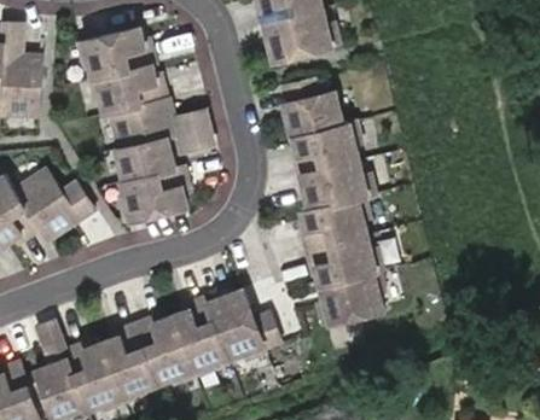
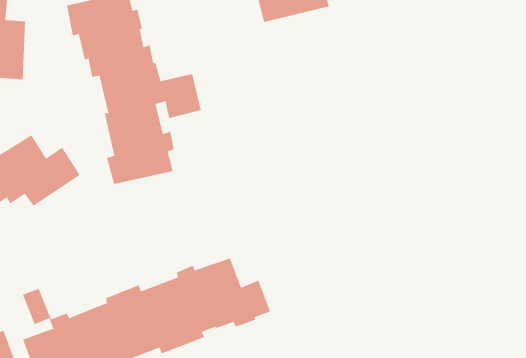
building: [284,80,388,323] -> none

